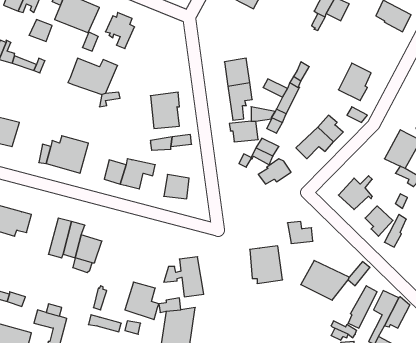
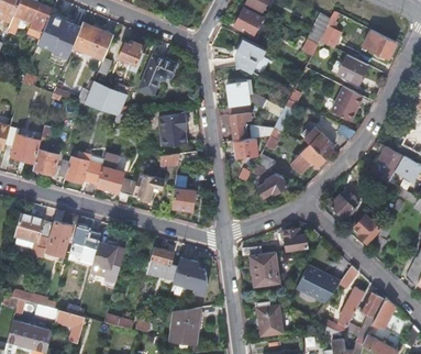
building: none -> [234,38,269,77]
building: none -> [139,53,177,93]
building: none -> [331,54,367,84]
building: none -> [33,124,58,174]
building: none -> [96,153,123,193]
building: none -> [46,210,71,255]
building: [125,282,159,320] -> [146,247,177,281]
building: none -> [257,306,282,334]

